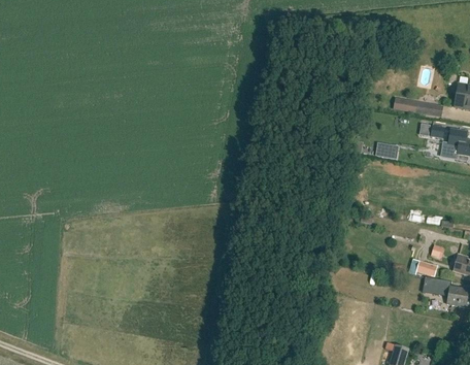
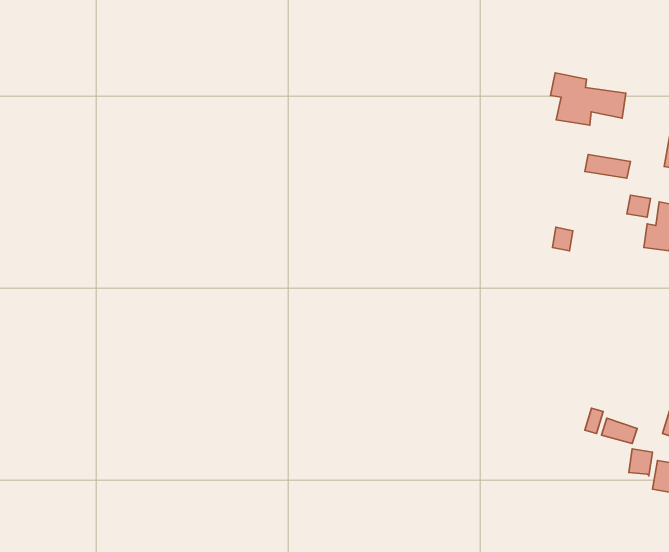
building: none -> [550,73,626,125]

